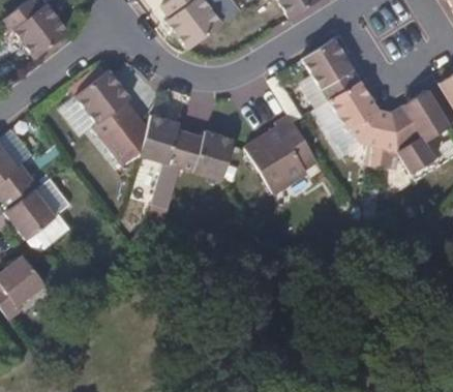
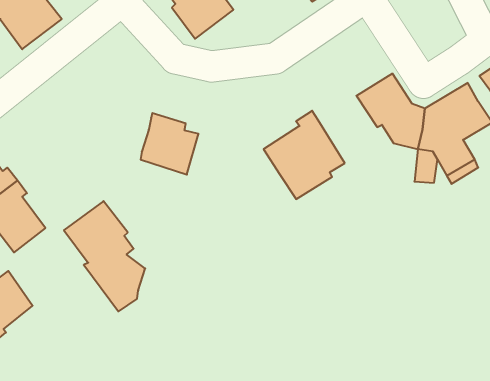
building: [305,38,362,99] -> none
building: [72,69,145,168] -> [64,201,145,311]
building: [179,131,232,181] -> none

